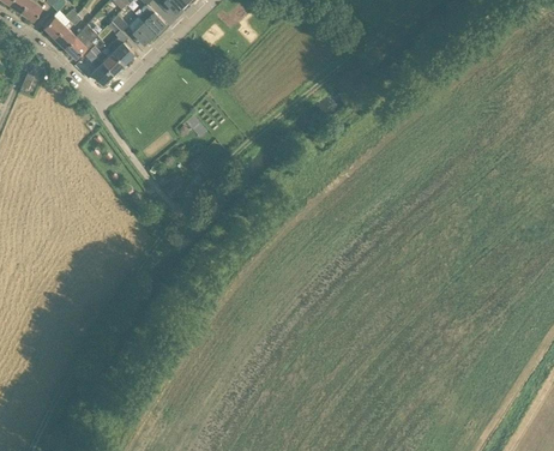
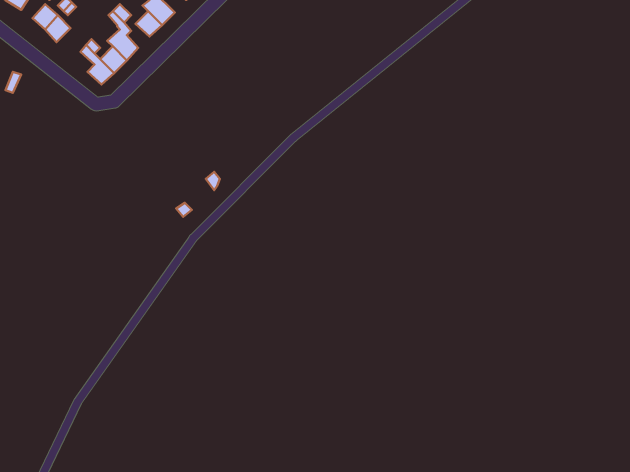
building: [64,25,97,60] -> none

